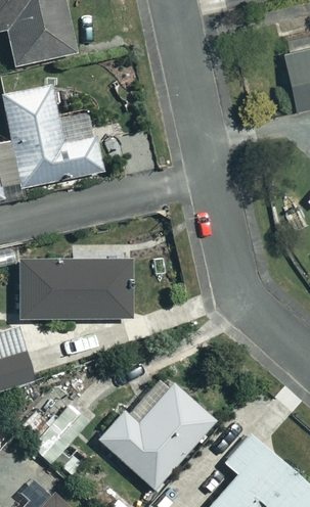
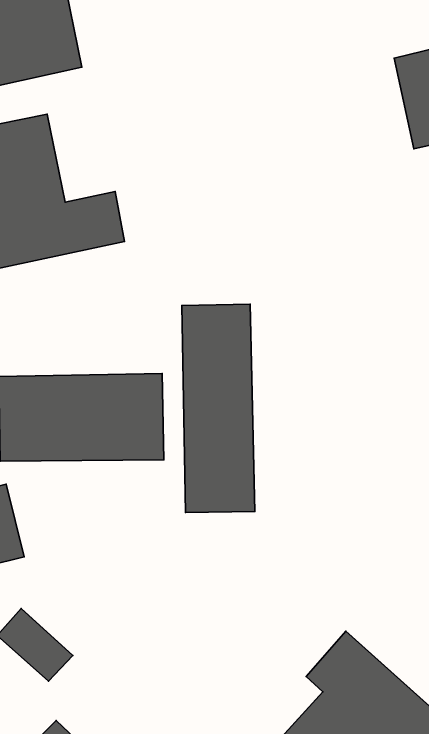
building: none -> [182,304,255,513]
building: [99,375,216,490] -> none

